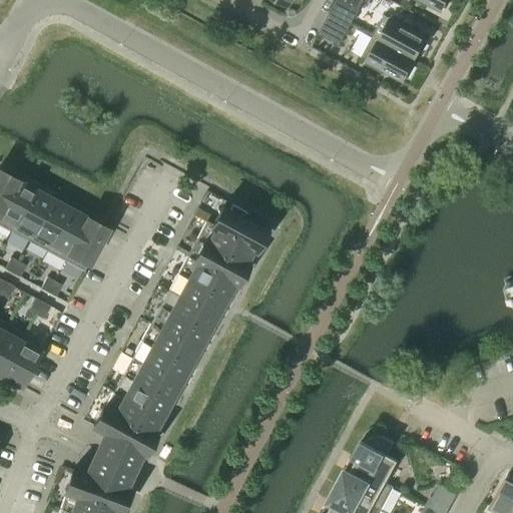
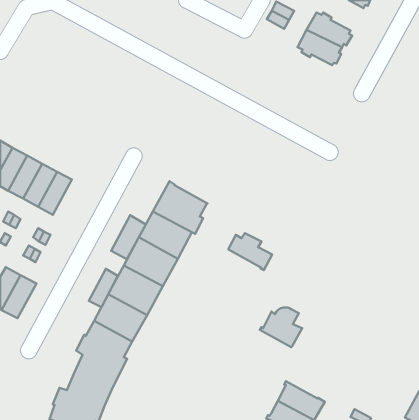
building: [215,207,269,252] -> [228,233,272,270]
building: [68,220,110,274] -> [111,215,146,259]
building: none -> [89,269,118,307]
building: [351,438,402,486] -> [260,307,302,347]

